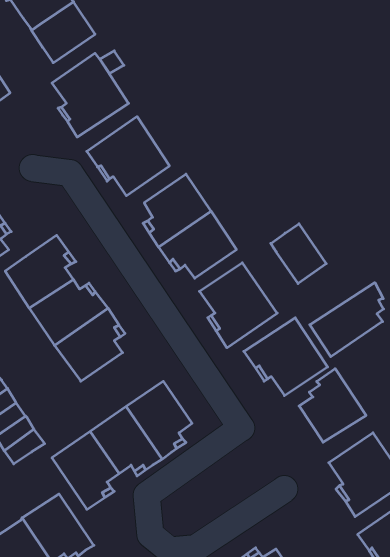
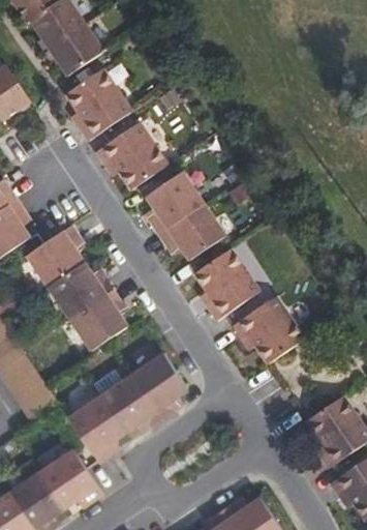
building: [271,224,326,284] -> none
building: [310,283,384,357] -> none
building: [299,369,366,442] -> none

